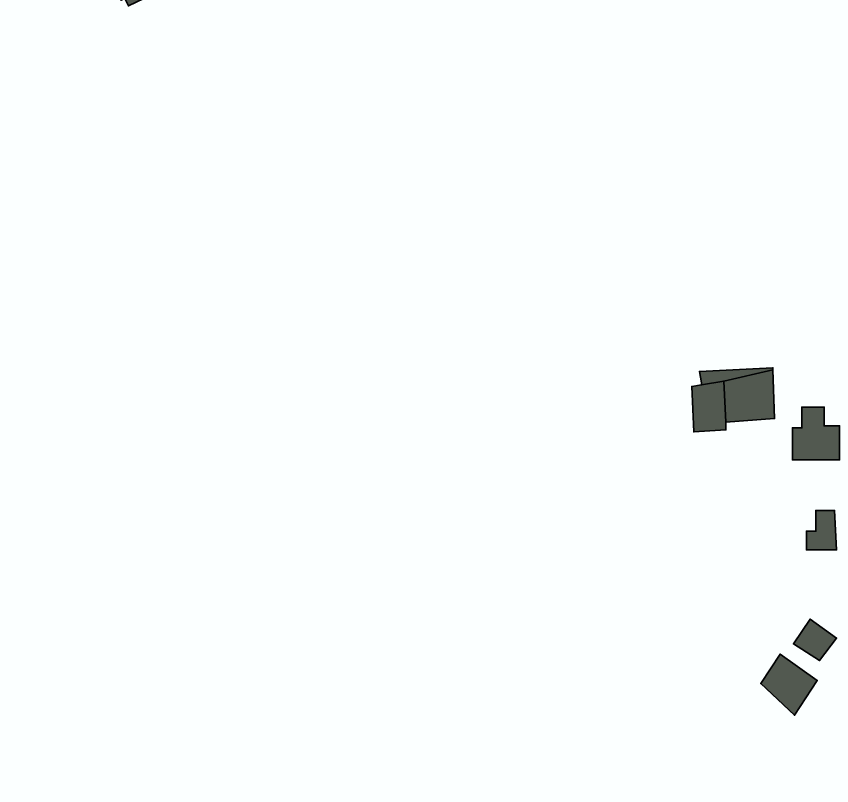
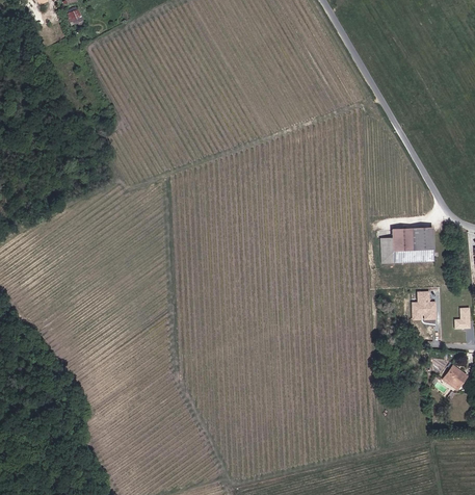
building: [792,407,839,460] -> [408,290,434,319]
building: [761,654,817,715] -> none

